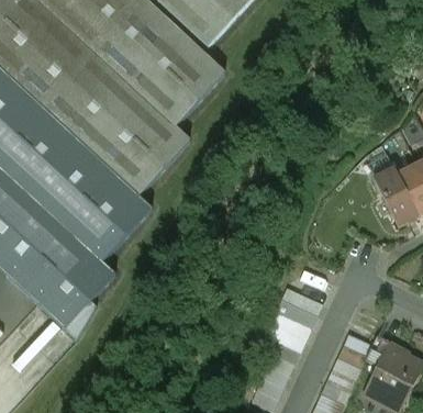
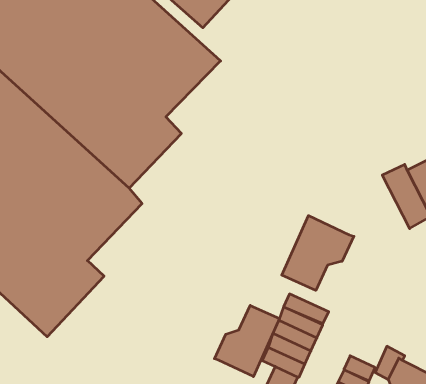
building: none -> [282,216,354,290]
building: none -> [214,305,279,377]

